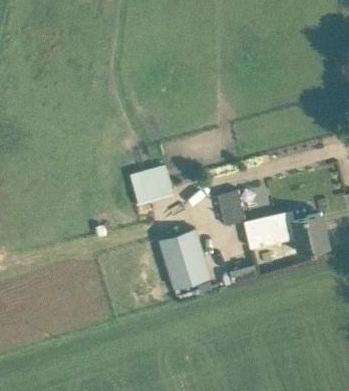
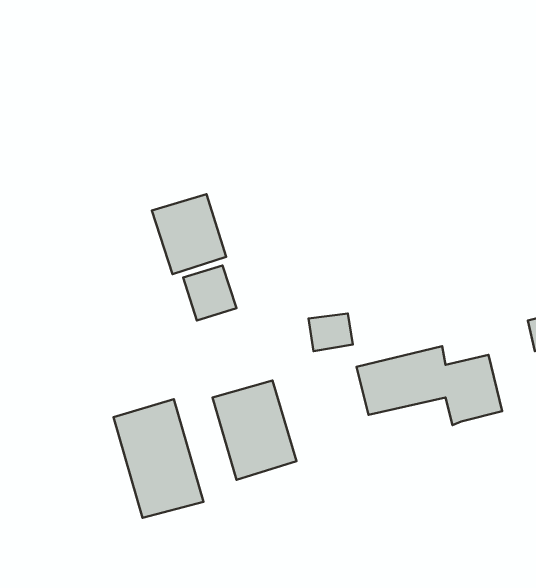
building: none -> [152,194,226,274]
building: none -> [114,399,204,518]

